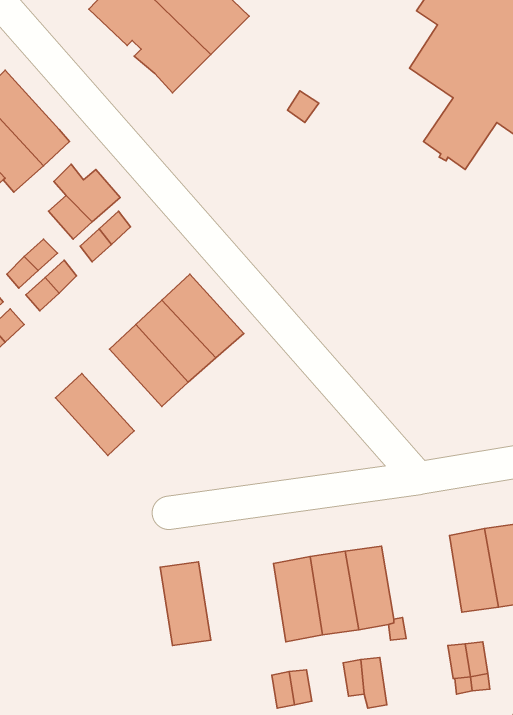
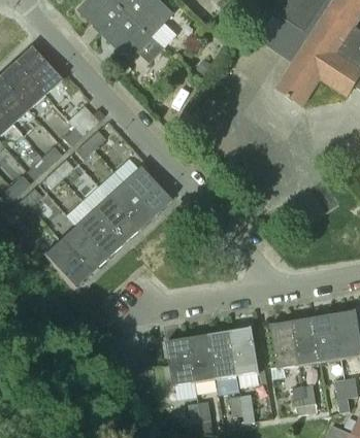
building: none -> [75,210,123,259]
building: none -> [43,239,91,289]
building: none -> [270,321,300,370]
building: [160,562,211,646] -> [166,337,196,386]

